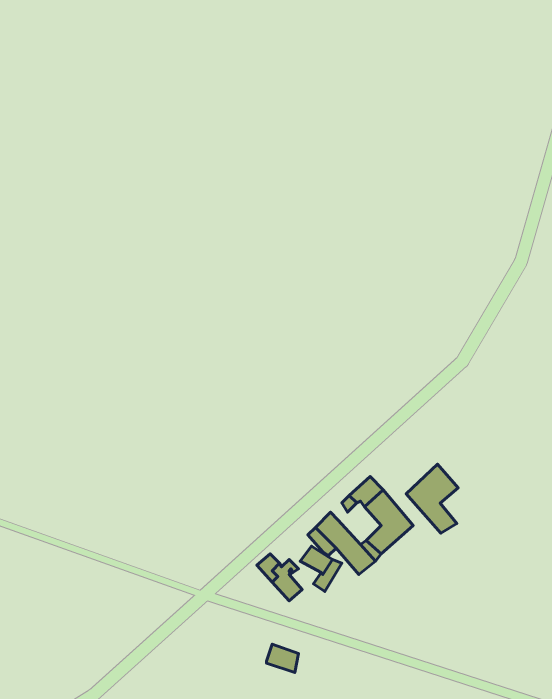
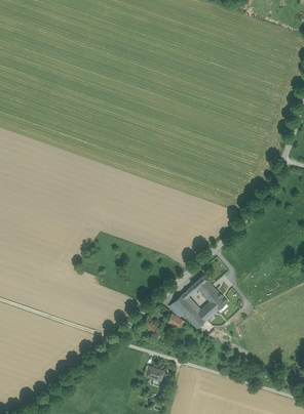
building: [406,464,458,533] -> none

